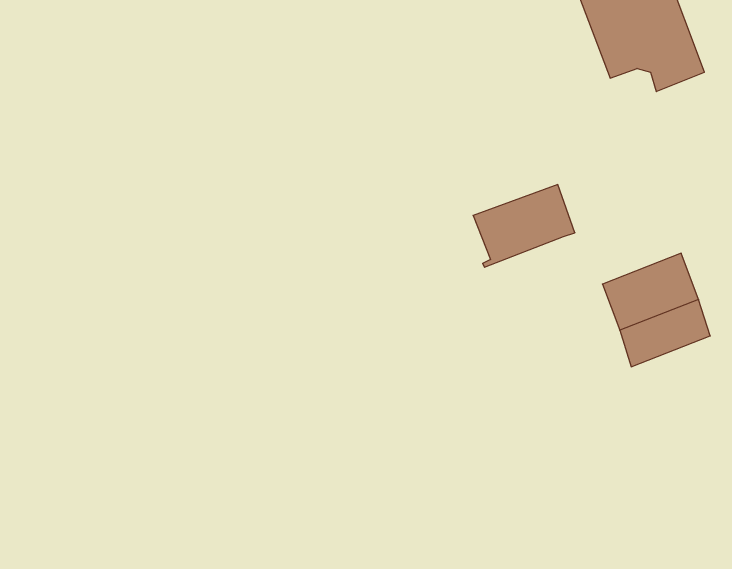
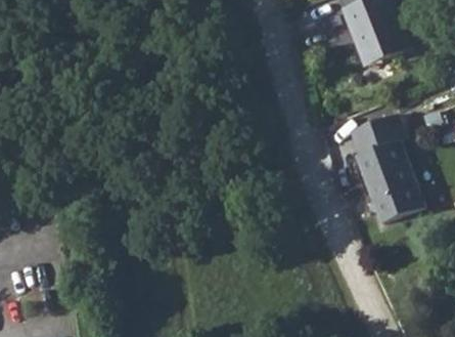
building: [473,185,575,267] -> [350,116,404,160]
building: none -> [371,187,420,223]

